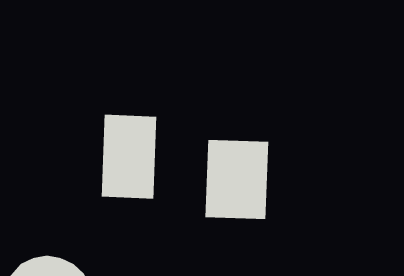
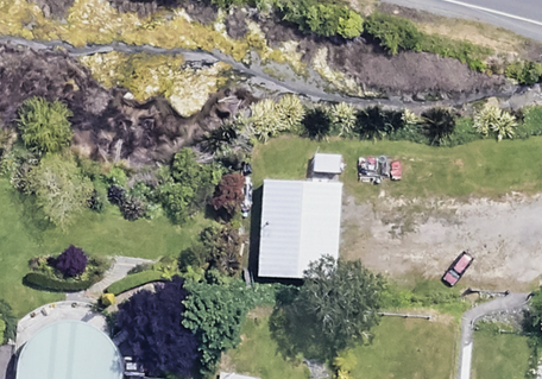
building: [101,114,157,200] -> none

